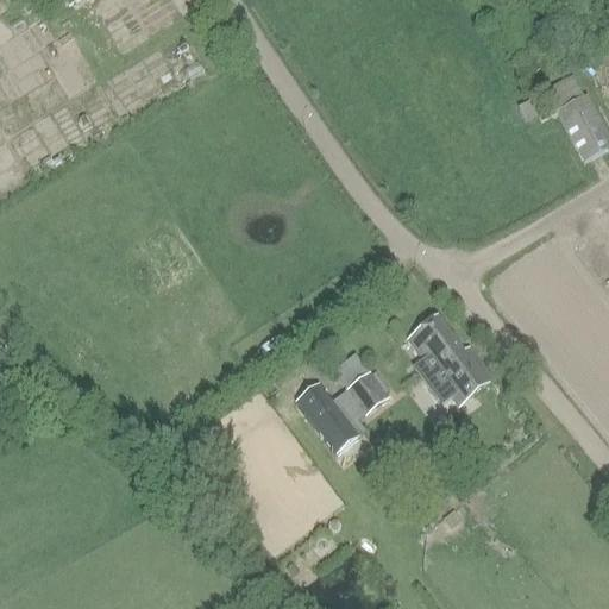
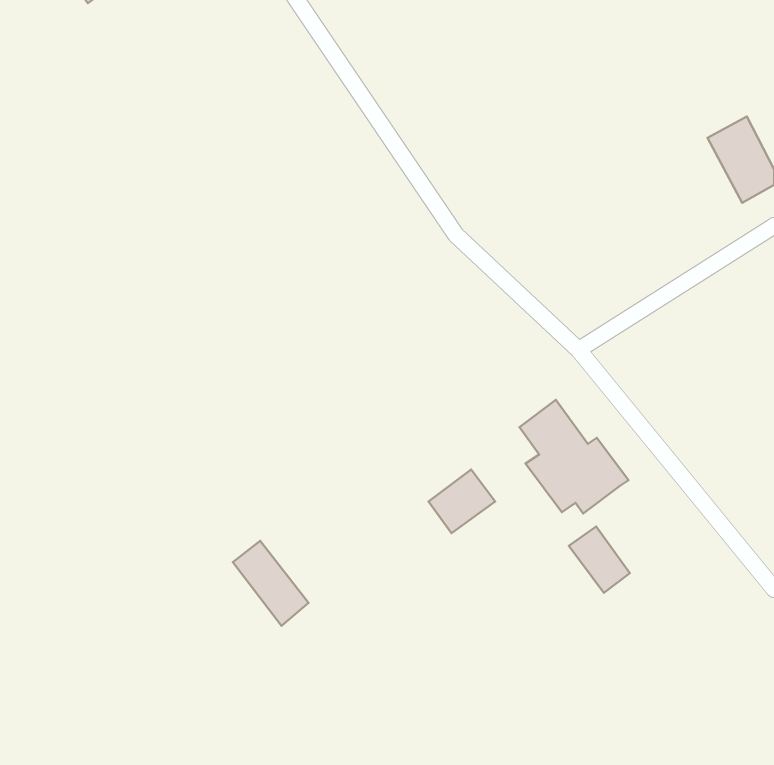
building: [297,384,357,451] -> [233,541,309,626]
building: none -> [569,527,630,593]

